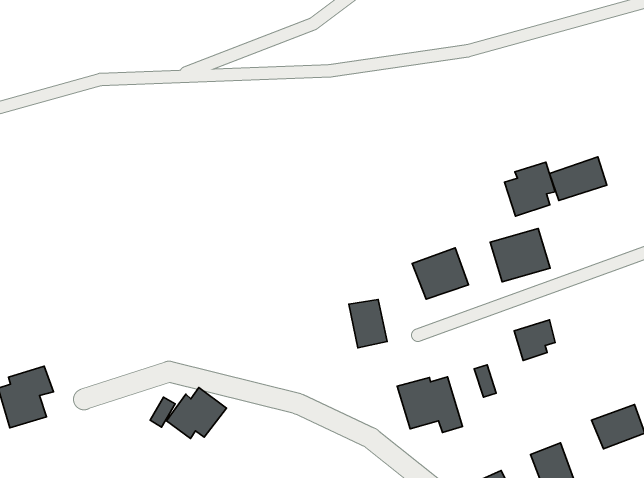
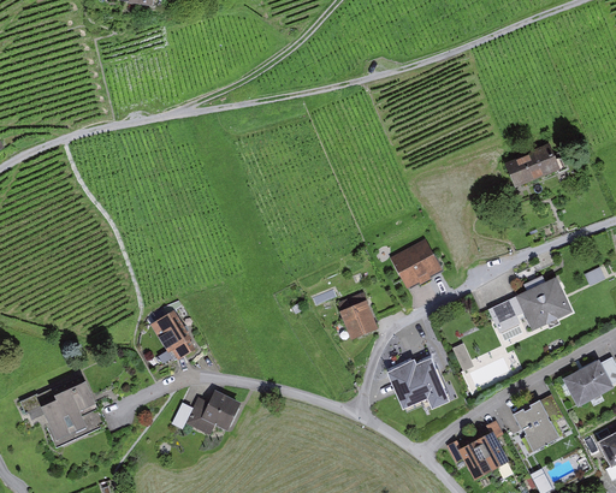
building: [504,162,555,216] -> none
building: [490,228,550,282] -> [516,278,571,328]
building: none -> [150,311,195,362]

